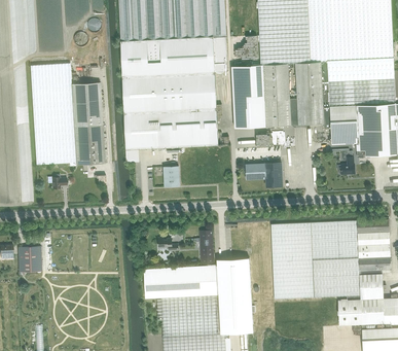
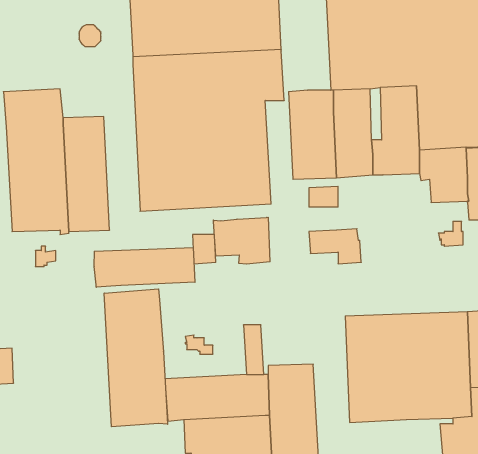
building: none -> [213,217,270,264]
building: none -> [94,247,195,287]
building: none -> [104,289,168,427]

